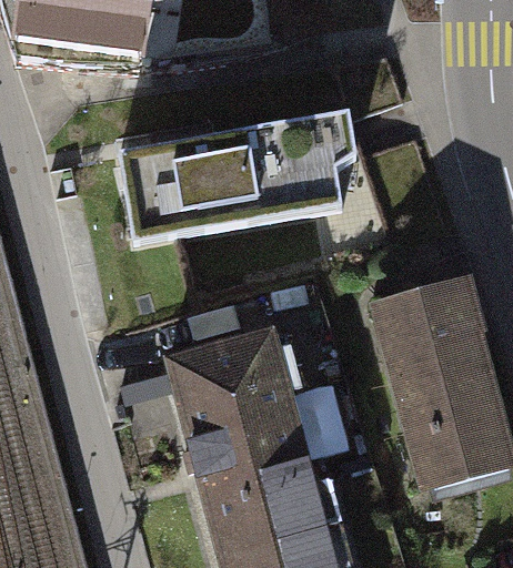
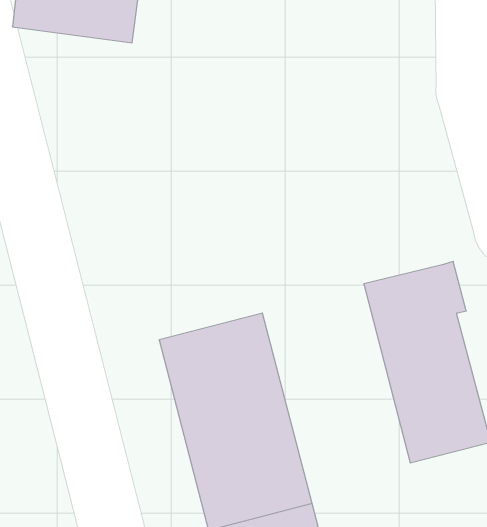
building: [119,114,356,242] -> none

